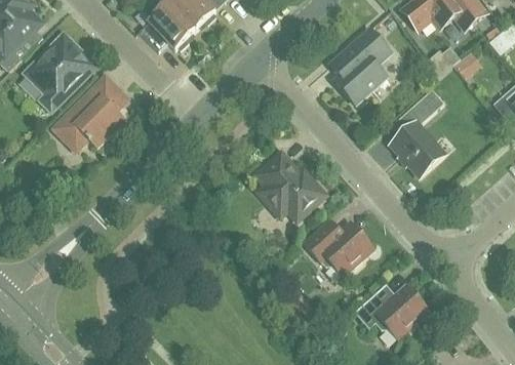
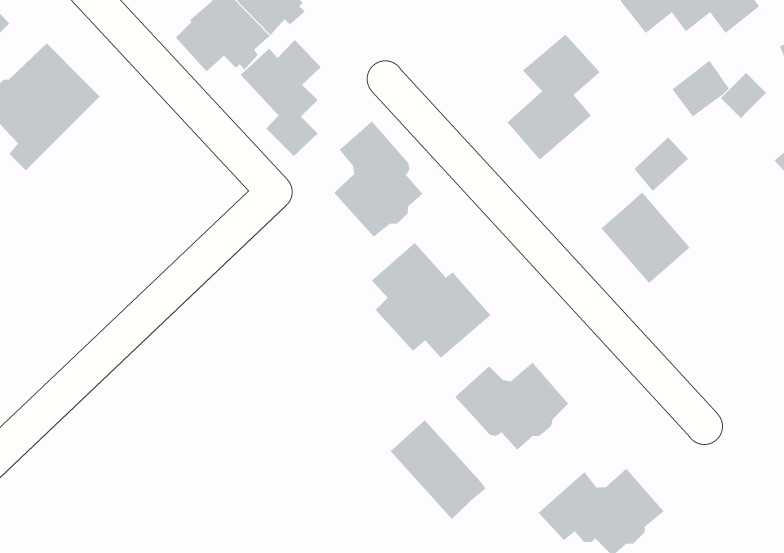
building: none -> [240,39,322,157]
building: [52,74,128,150] -> none
building: none -> [334,121,423,237]
building: none -> [390,420,487,520]

